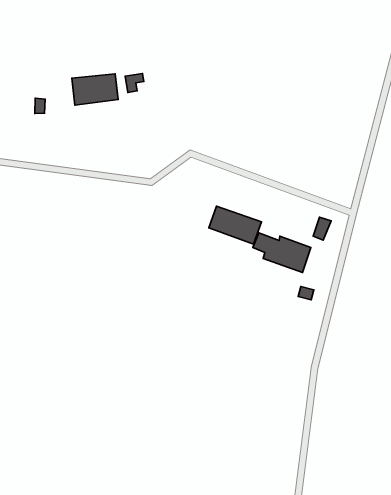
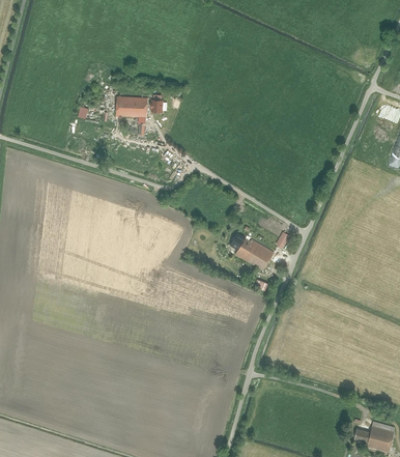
building: [209,206,261,244] -> none

